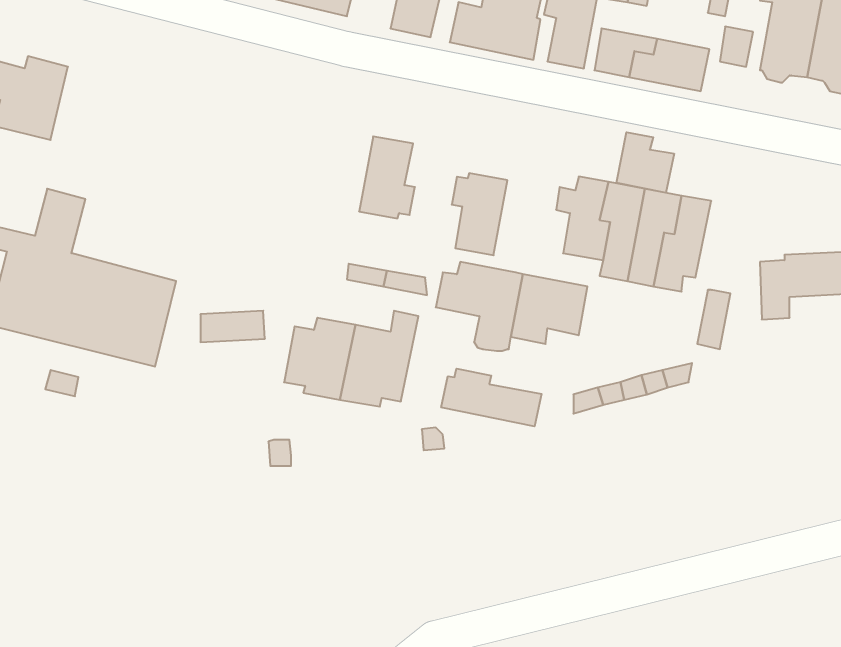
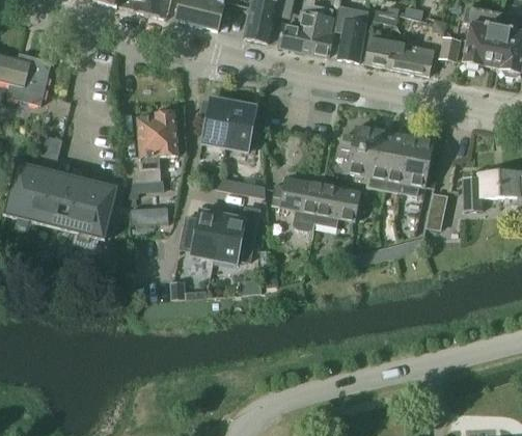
building: [617,132,674,193] -> none
building: none -> [127,107,177,197]
building: [452,173,507,255] -> [200,98,233,146]
building: [441,369,542,426] -> none

